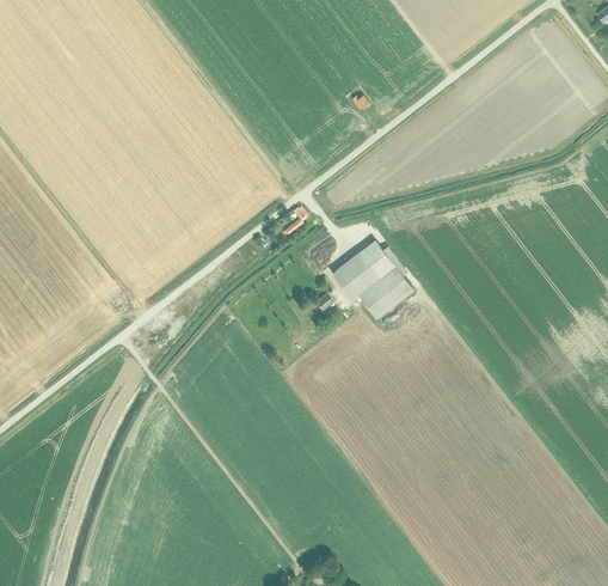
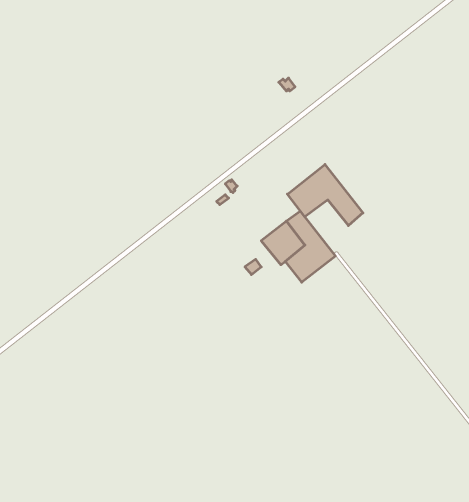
building: none -> [287,164,363,226]

